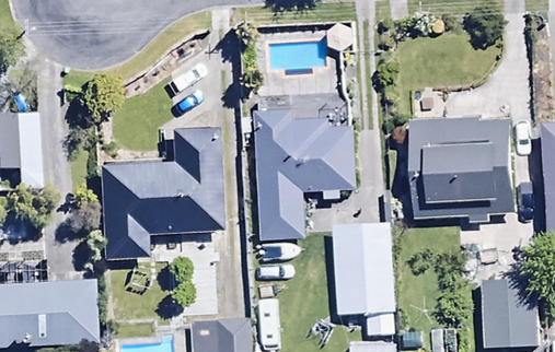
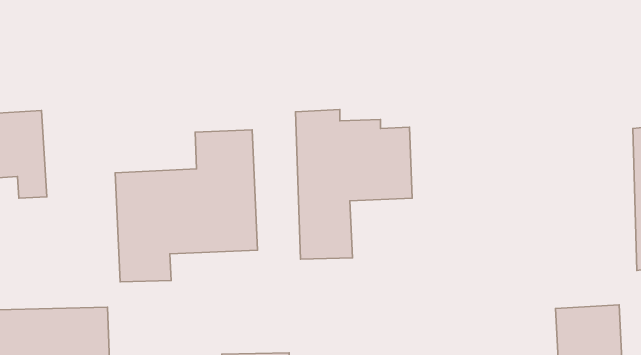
building: [409,118,513,216] -> none
building: [332,224,396,315] -> none

